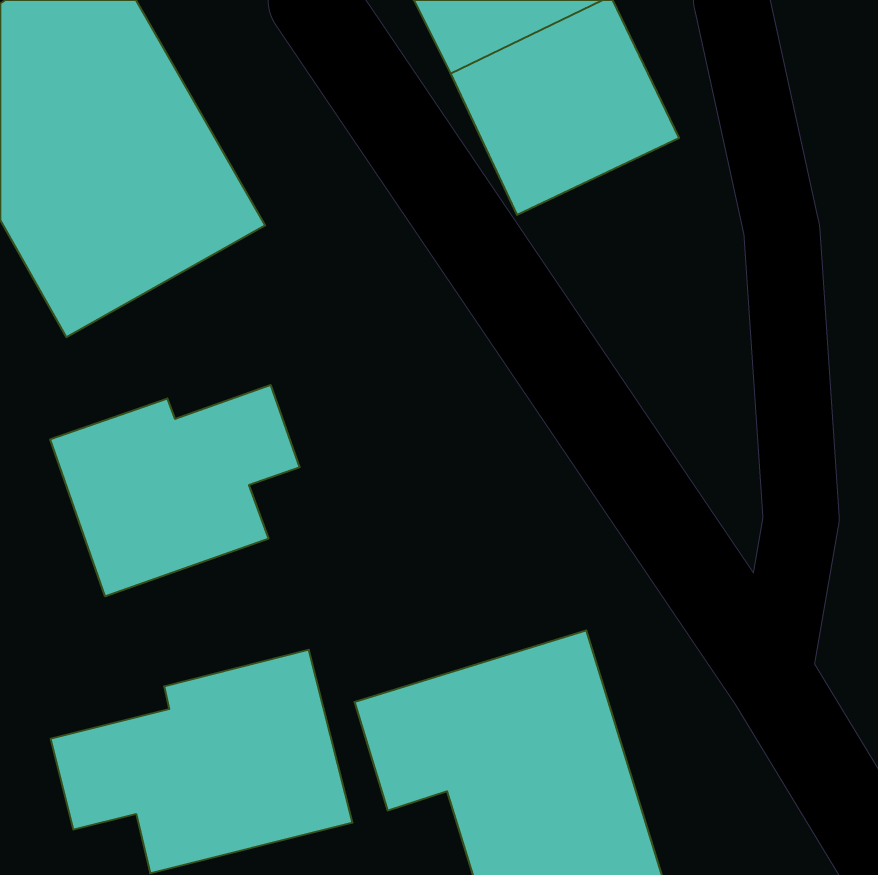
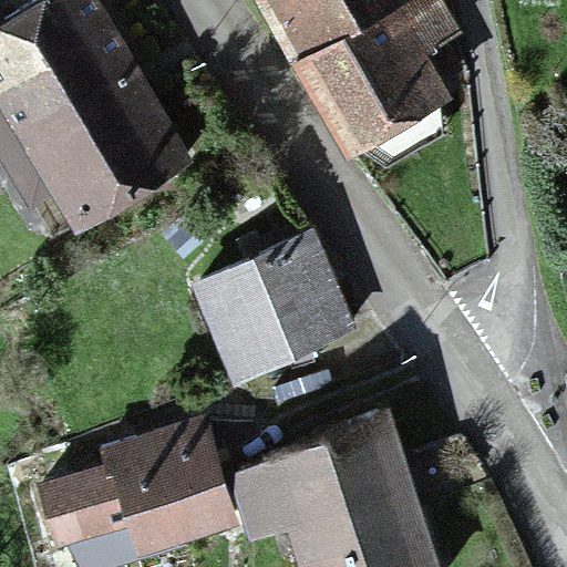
building: none -> [193,235,359,377]
building: [50,385,300,596] -> none

